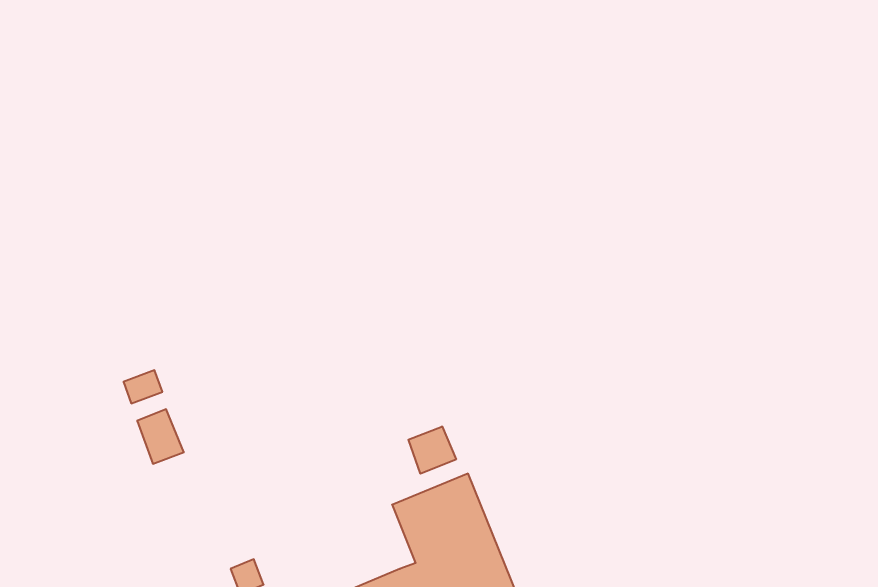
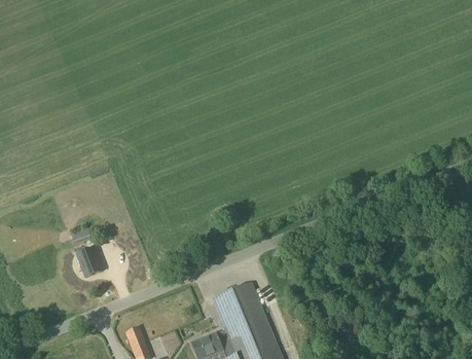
building: [408,426,456,474] -> none

